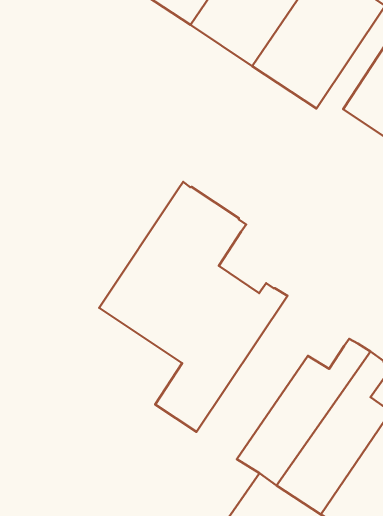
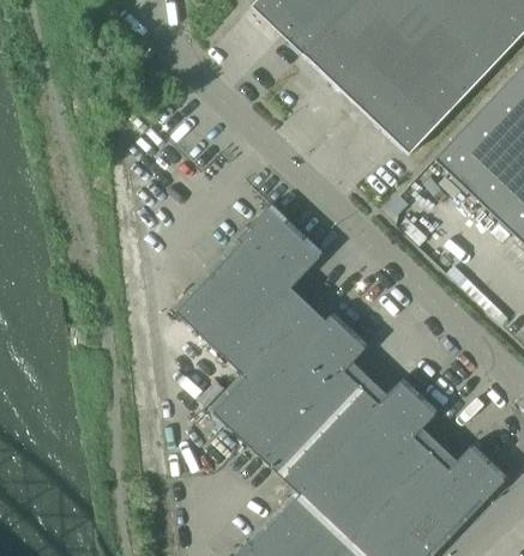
building: none -> [245,327,369,473]

